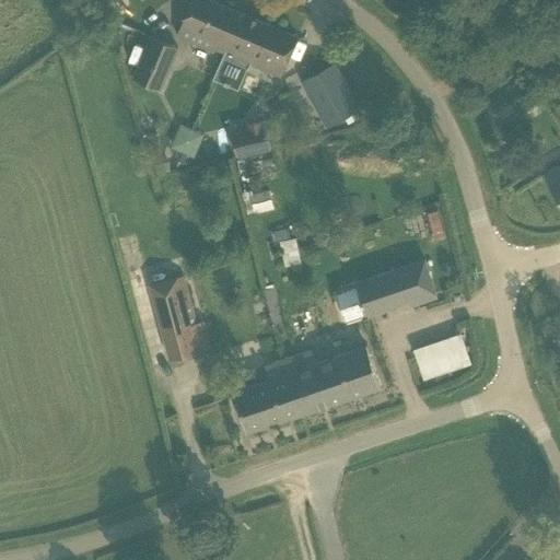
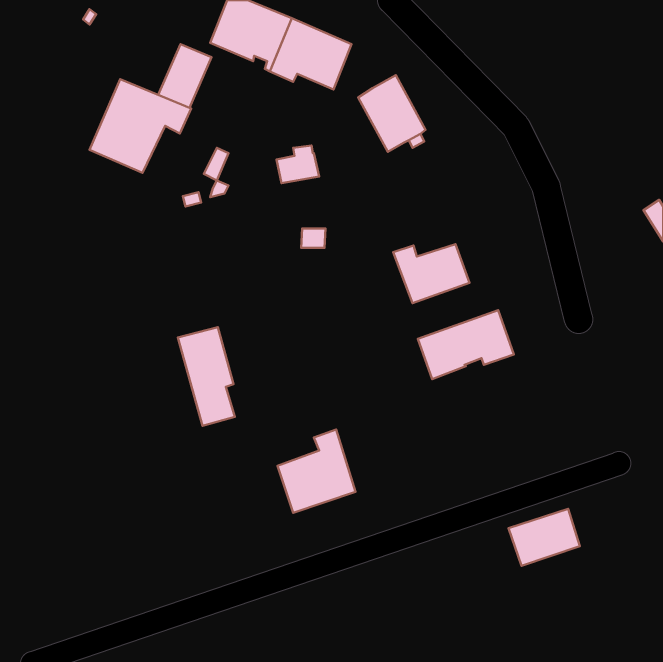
building: none -> [90,79,191,173]
building: none -> [393,244,469,303]
building: [415,332,475,381] -> [508,509,580,566]
building: [283,350,377,416] -> none

